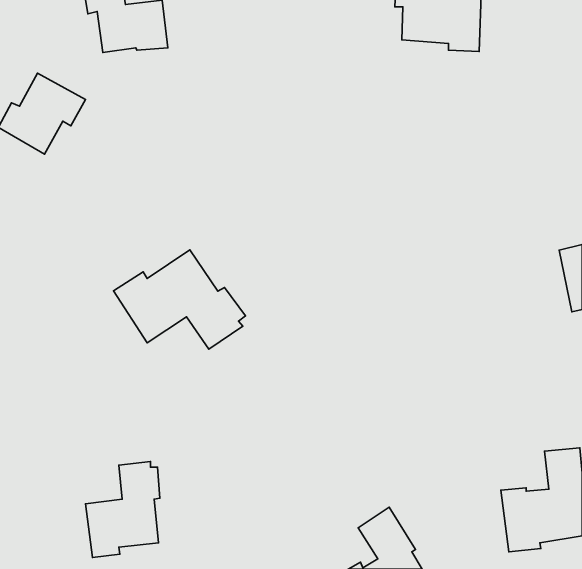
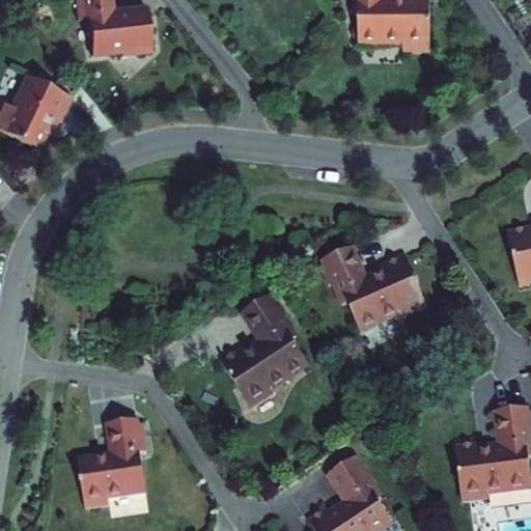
building: [114,250,245,349] -> none
building: none -> [320,248,424,334]
building: none -> [219,299,308,413]

